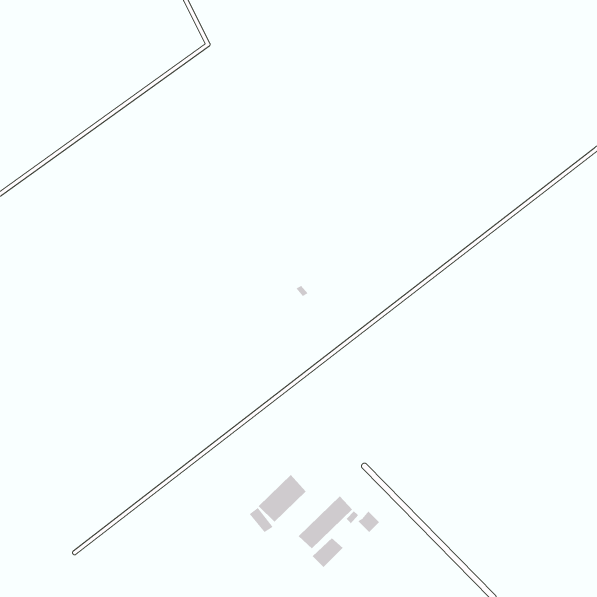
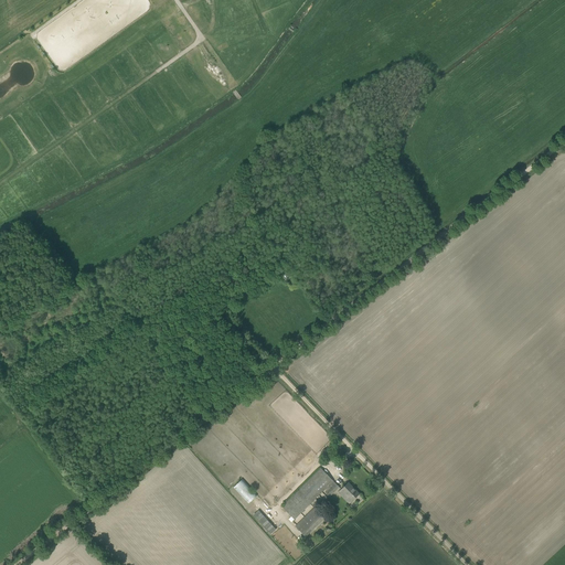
building: [258,474,306,522] -> none

